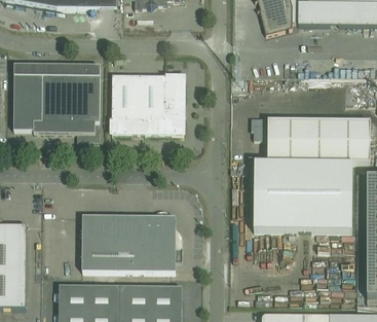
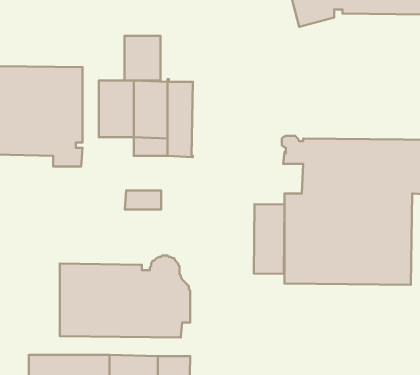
building: none -> [124,36,161,81]
building: [111,118,139,133] -> [125,191,161,209]
building: none -> [254,204,284,274]

